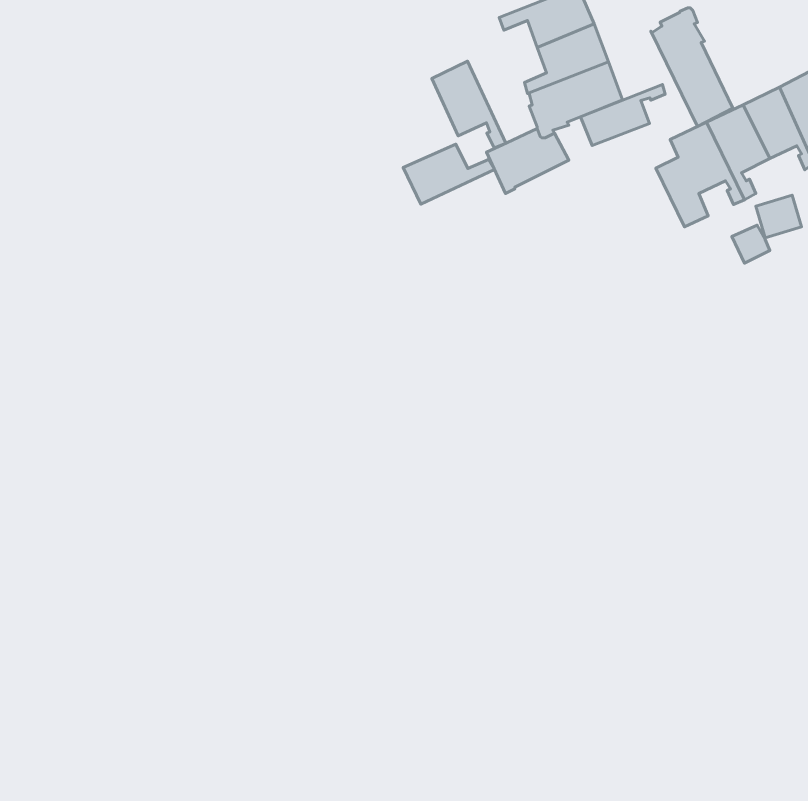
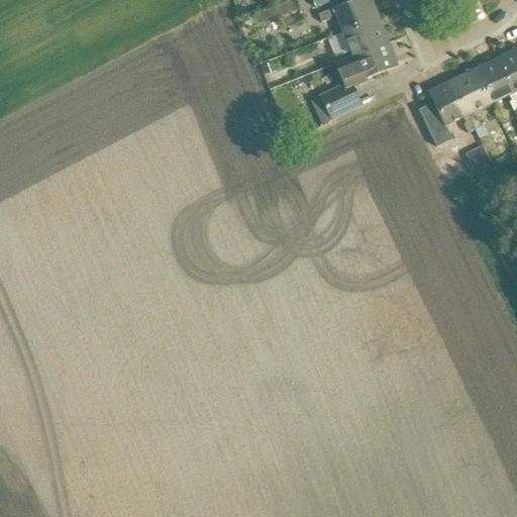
building: [651,8,733,126] -> none
building: [432,61,506,148] -> none
building: [581,85,665,145] -> none
building: [403,144,494,204] -> none

